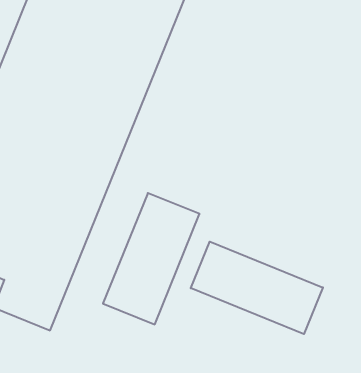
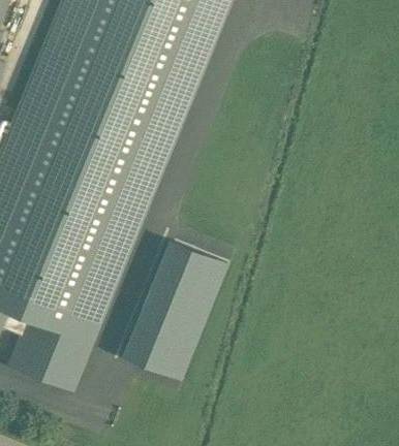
building: [191,242,323,334] -> none

